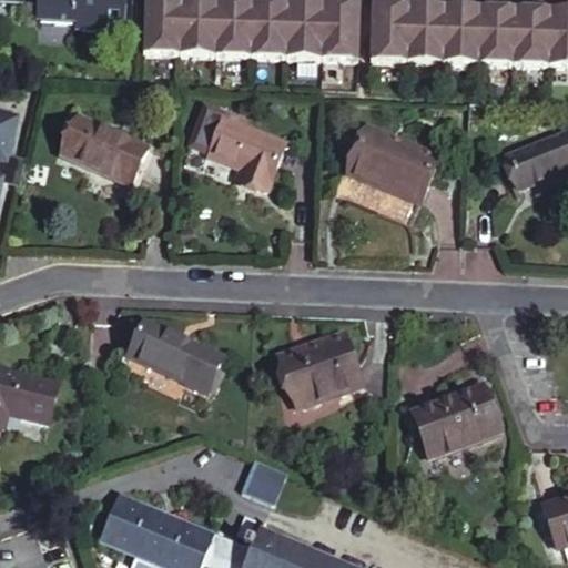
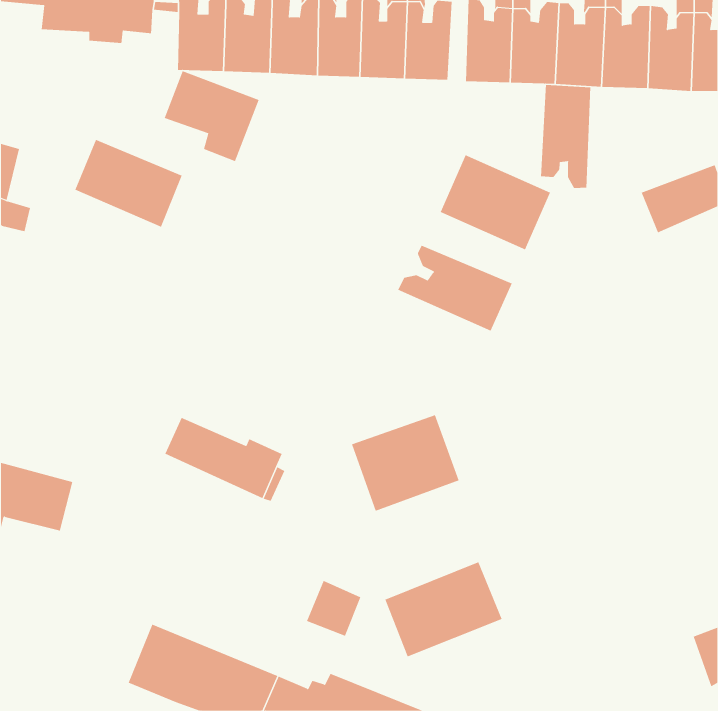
building: none -> [541,84,591,189]
building: [209,115,284,187] -> [164,70,259,162]
building: none -> [397,245,512,332]
building: [409,379,503,455] -> [385,562,503,657]

